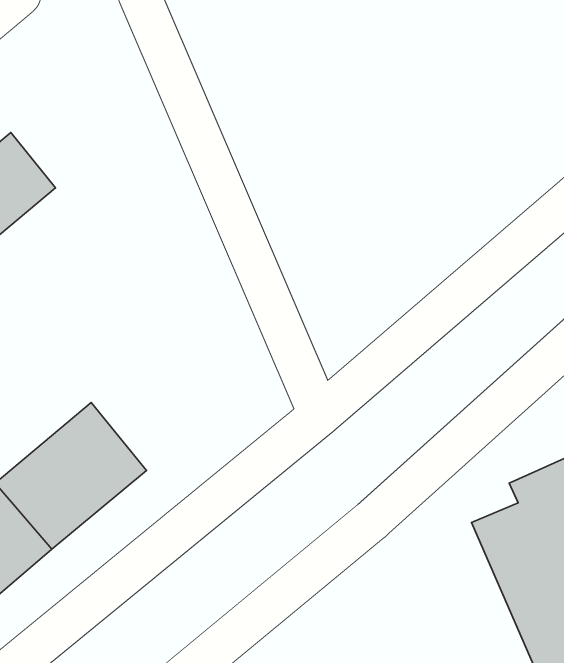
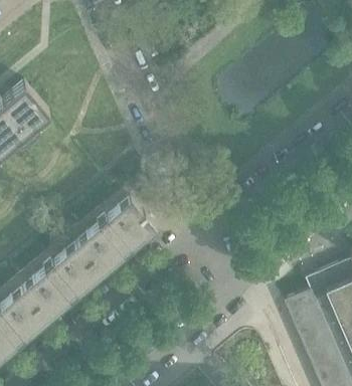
building: none -> [70,191,156,274]

